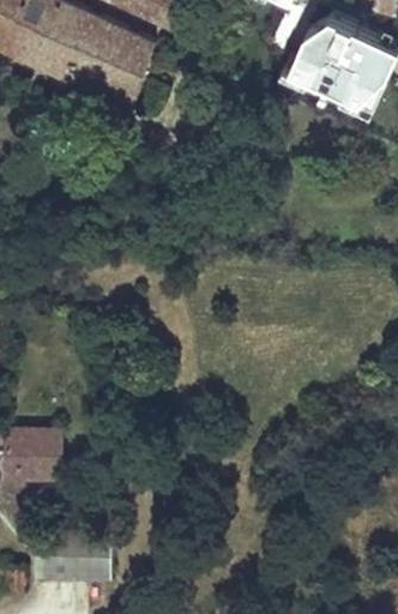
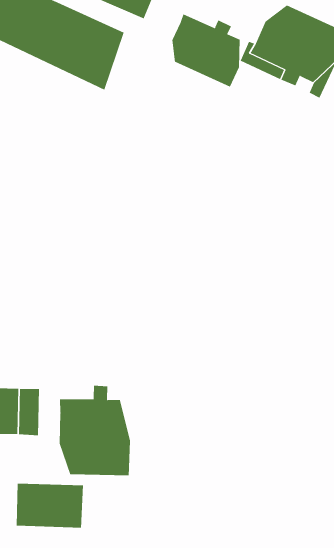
building: none -> [172,14,240,88]
building: none -> [59,385,131,476]

